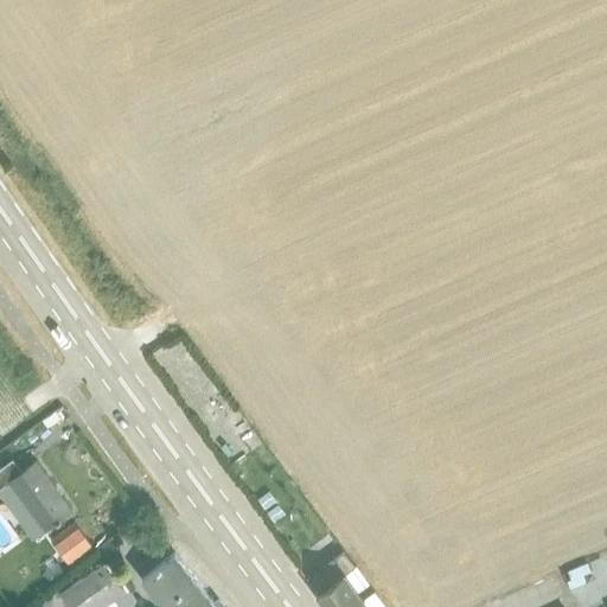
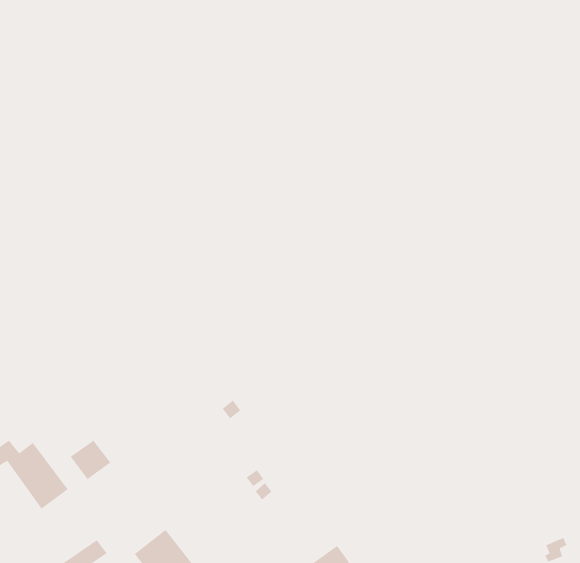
building: [50,528,92,569] -> [70,440,111,480]

